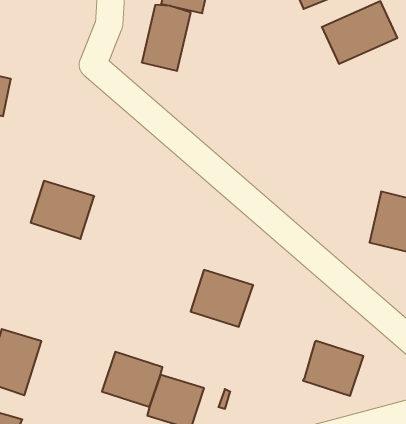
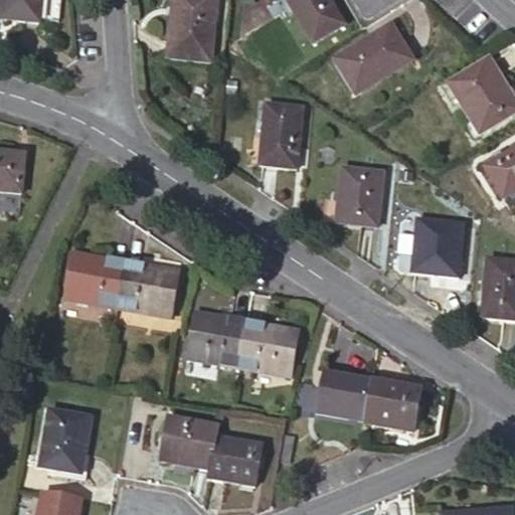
building: [142,5,191,71] -> [259,102,302,167]
building: none -> [336,167,382,225]
building: none -> [117,261,179,316]
building: none -> [186,311,246,365]
building: none -> [315,371,369,418]

